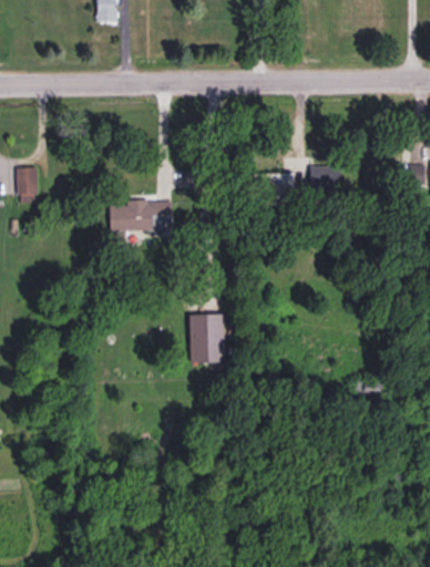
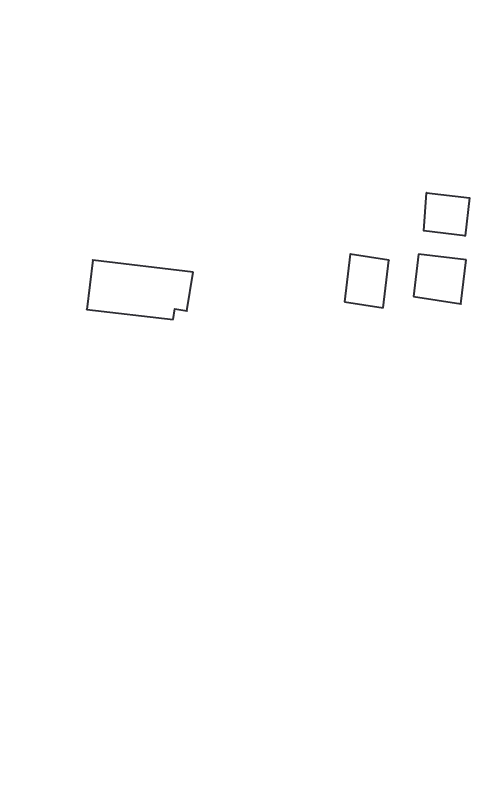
building: none -> [424,193,470,236]
building: [187,313,225,362] -> none

